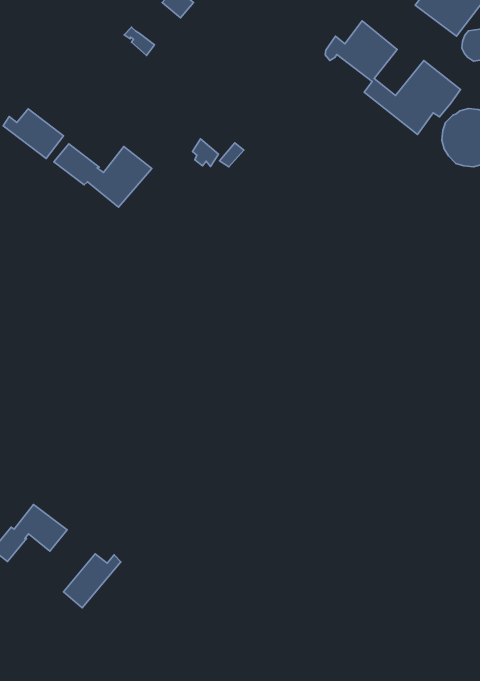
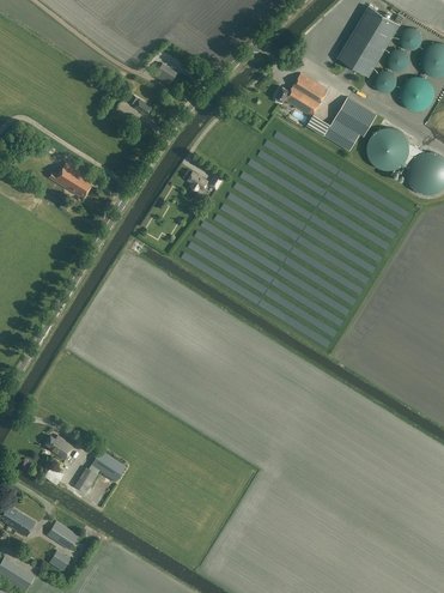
building: [54,144,152,207] -> none
building: [63,554,121,608] -> none

